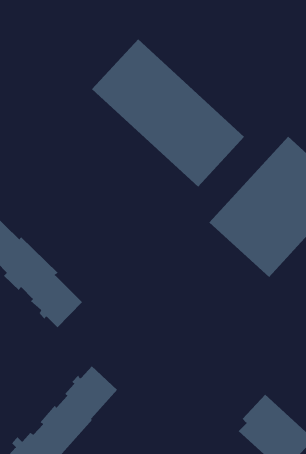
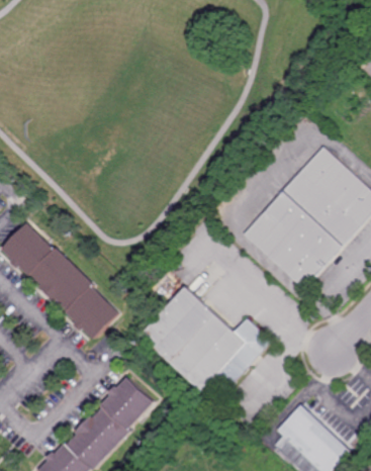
building: [91,39,245,187] -> none
building: none -> [140,288,270,394]

